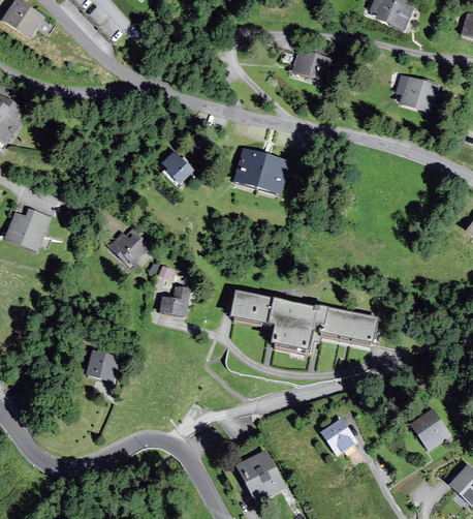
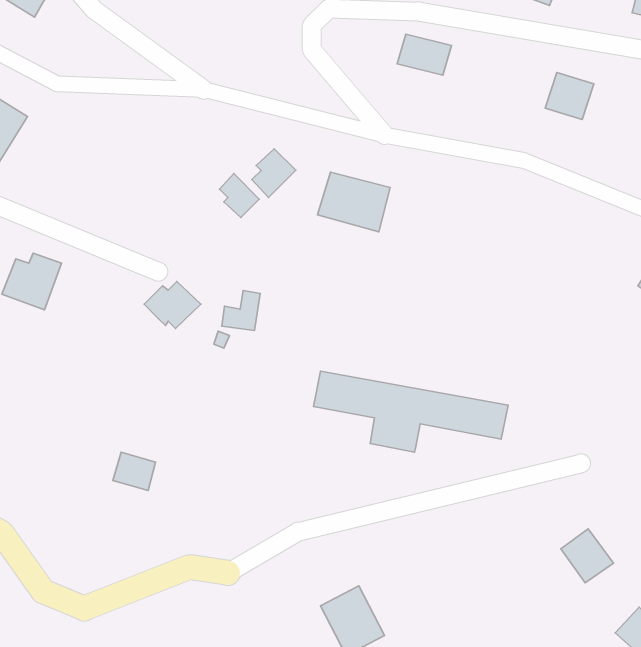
building: none -> [252,149,296,198]
building: [160,285,188,314] -> [222,291,260,330]
building: [321,419,355,453] -> none

